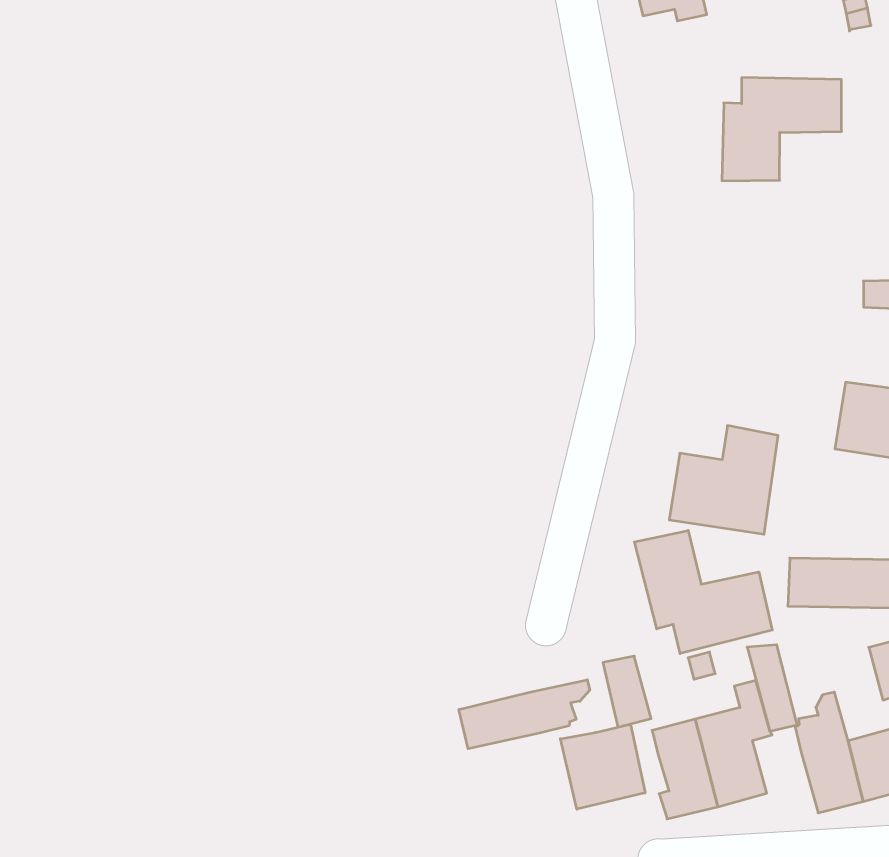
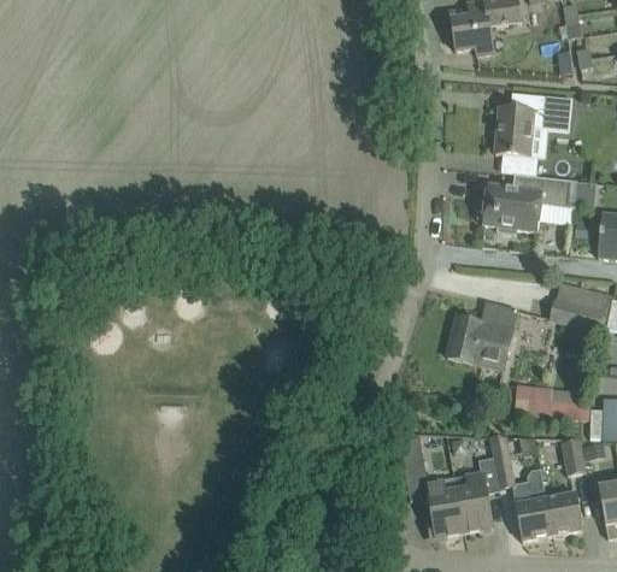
building: none -> [477,175,576,234]
building: [634,530,772,654] -> none
building: [459,680,590,749] -> none
building: [560,724,645,809] -> none

